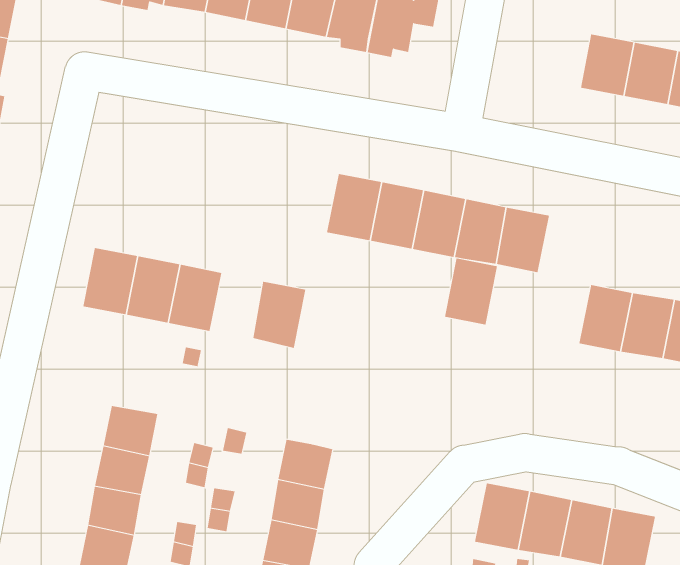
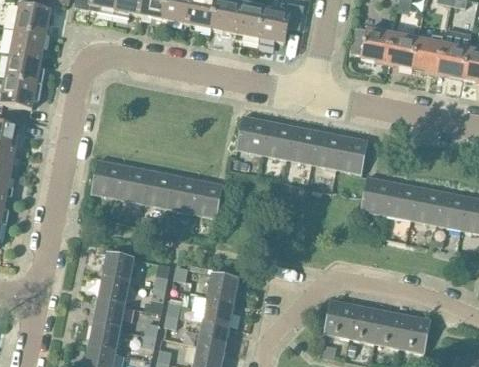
building: none -> [350,27,392,64]
building: [444,258,498,325] -> [360,176,392,216]
building: none -> [166,174,197,213]

